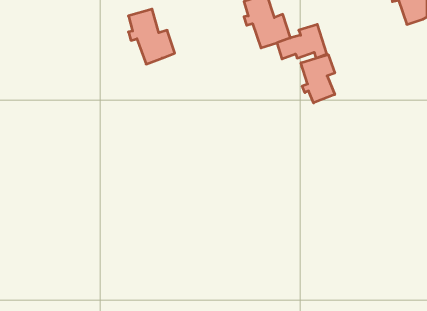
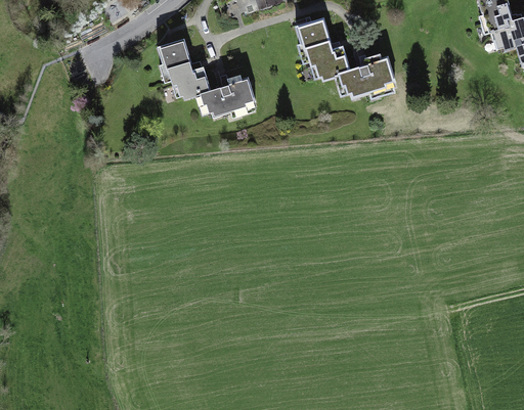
building: none -> [198,72,257,113]
building: [301,55,335,103] -> none

